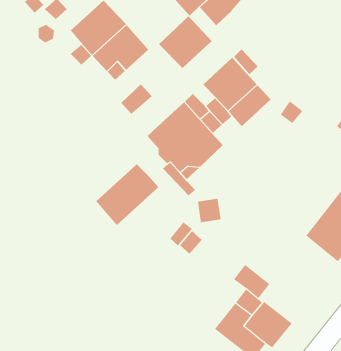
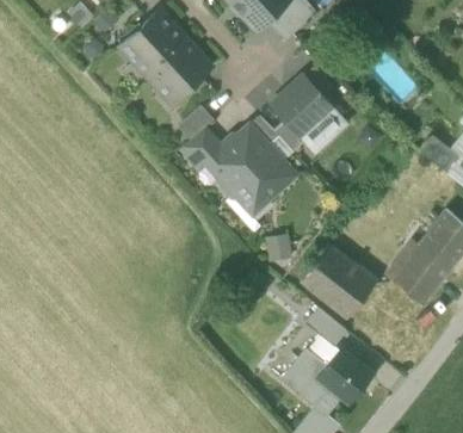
building: [158,15,213,69] -> none
building: none -> [181,128,224,165]
building: [96,163,159,226] -> none
building: none -> [298,243,376,317]

